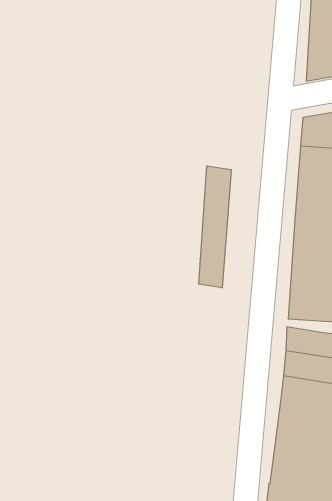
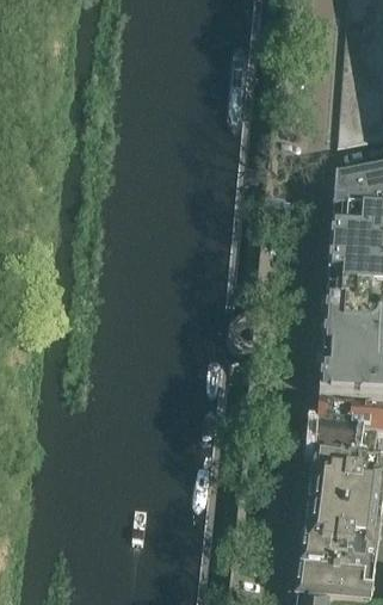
building: [199,166,231,288] -> none

